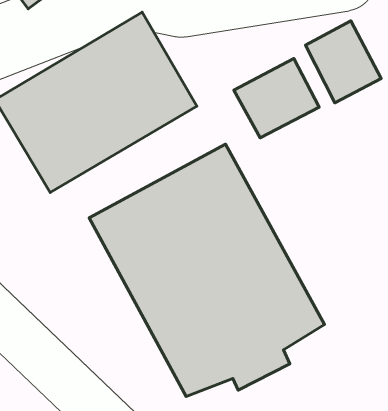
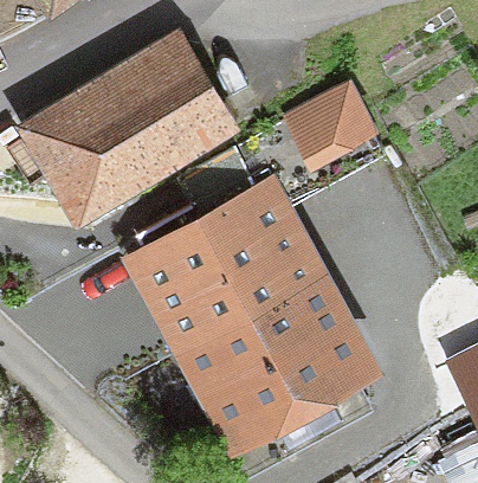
building: [306,21,381,103] -> none

